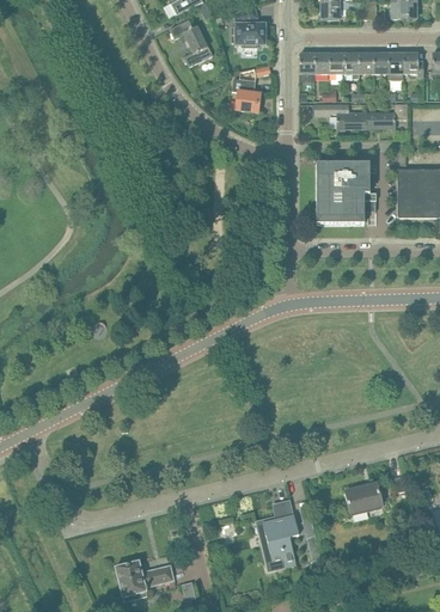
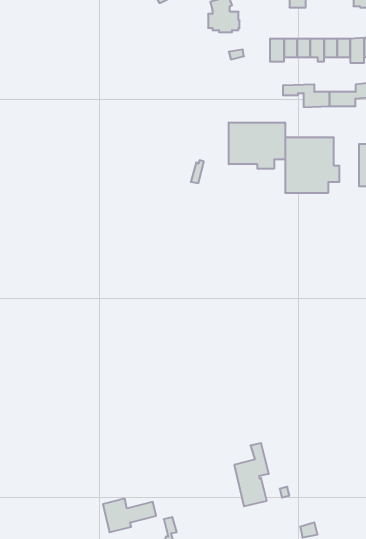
building: [169,18,212,66] -> none
building: [231,76,259,111] -> none
building: none -> [229,122,285,169]
building: [344,483,381,510] -> none

